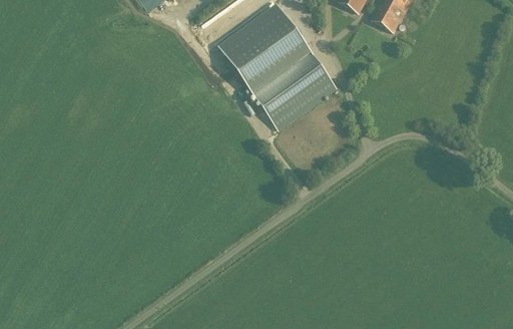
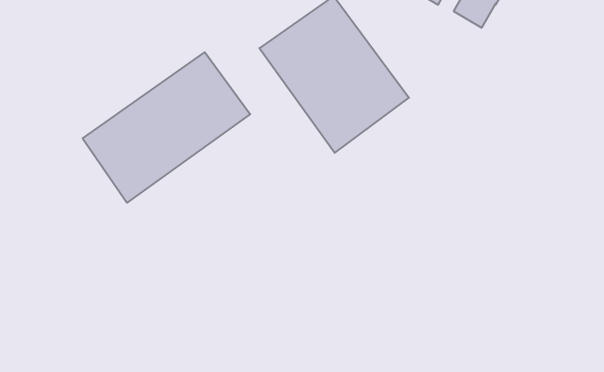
building: none -> [83,52,250,203]

